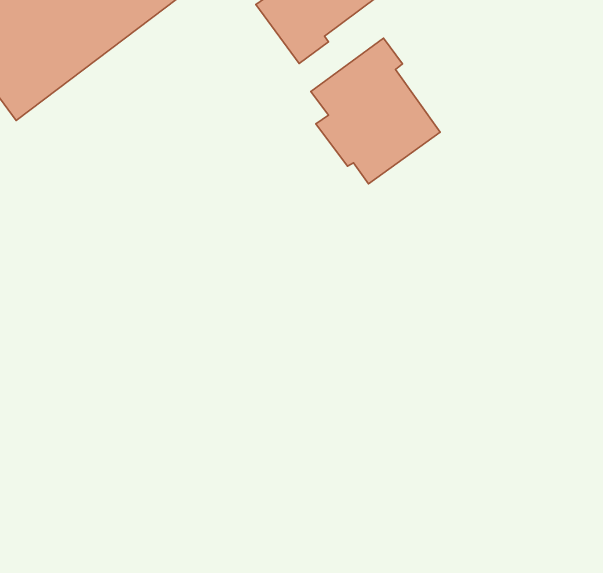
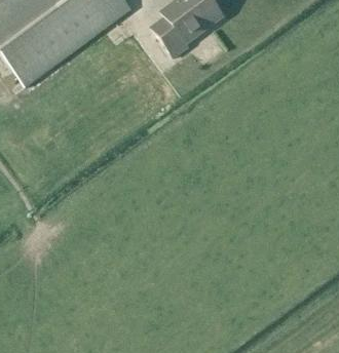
building: [311,38,440,184] -> none

